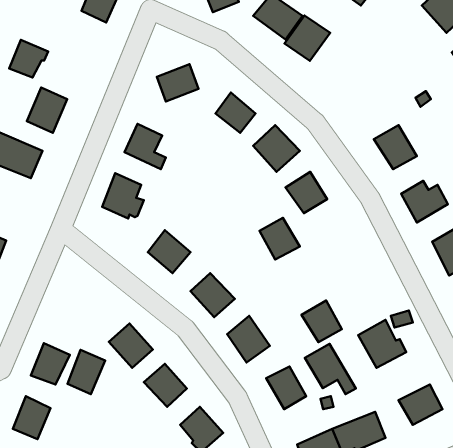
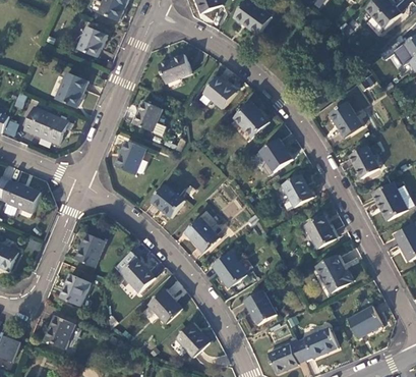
building: [284,15,330,61] -> none
building: [9,40,48,77] -> [78,25,109,55]
building: [260,218,300,259] -> [283,173,314,206]
building: [302,301,342,342] -> [305,214,337,247]
building: [305,344,356,394] -> none
building: [68,350,105,394] -> [76,232,106,267]

